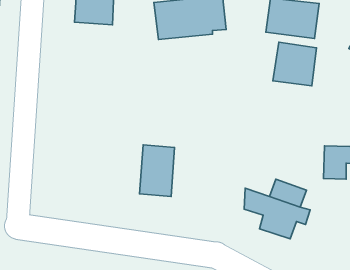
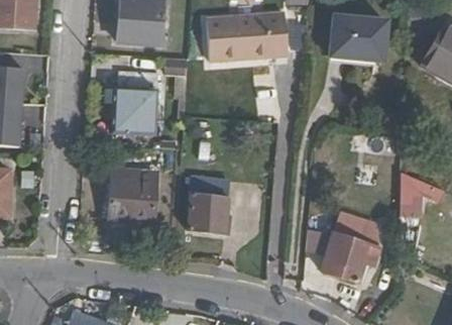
building: [273,42,317,86] -> none
building: none -> [110,68,158,133]
building: none -> [113,168,158,222]

